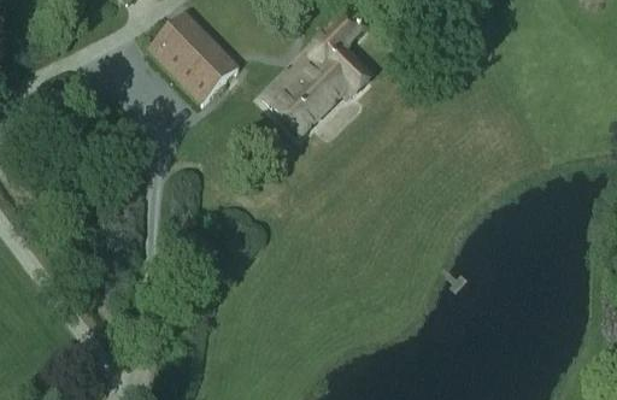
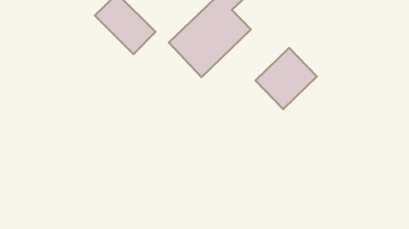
building: none -> [255,48,317,109]

